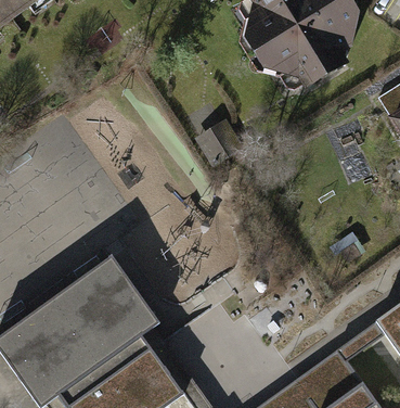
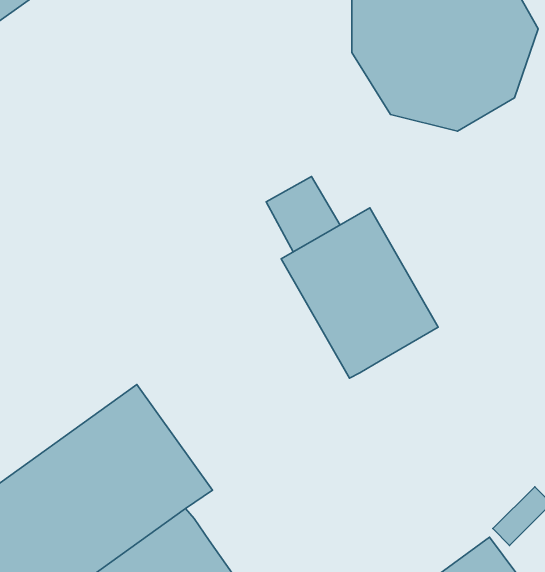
building: none -> [281,208,438,378]

